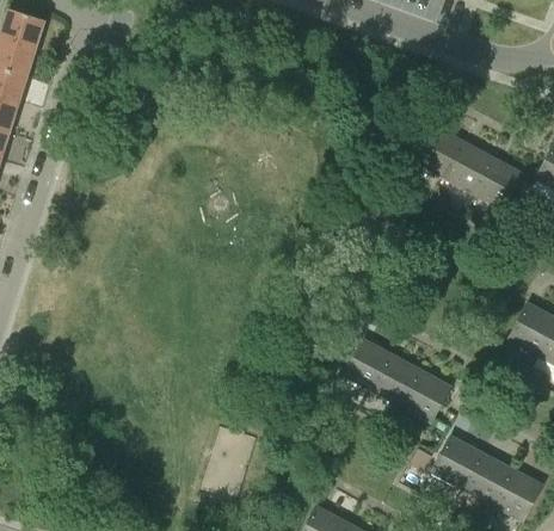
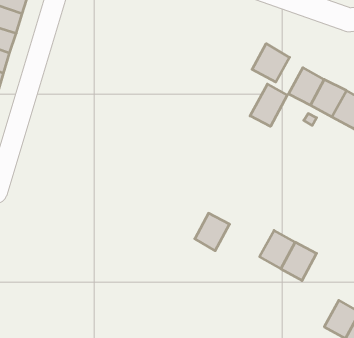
building: none -> [252,44,290,82]
building: none -> [250,84,287,126]
building: [340,336,389,389] -> [195,213,230,251]
building: [430,434,480,487] -> none

